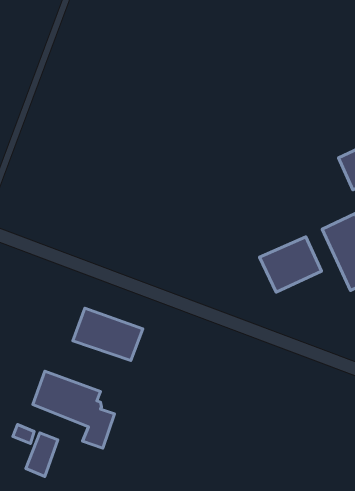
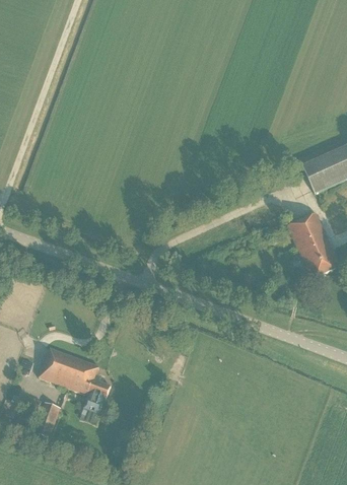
building: [259,237,322,292] -> none
building: [73,308,143,361] -> none

